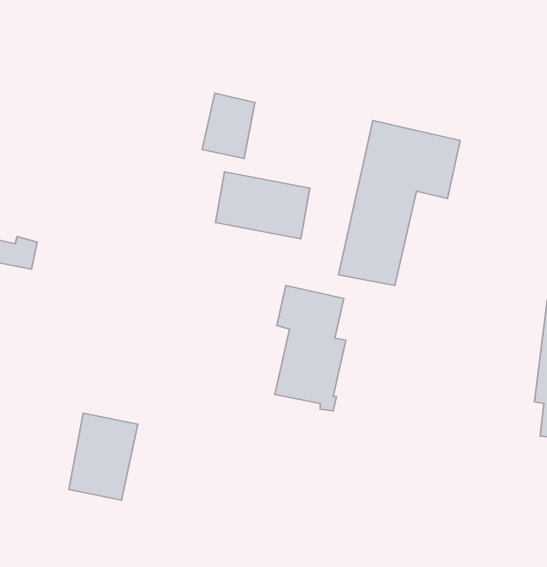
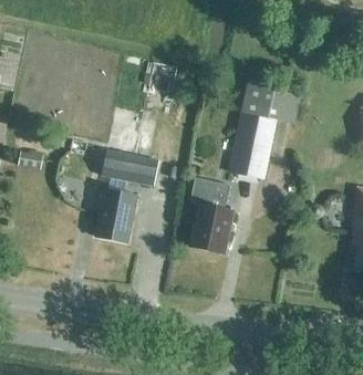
building: [216,172,310,239] -> [100,150,157,191]
building: [69,413,138,500] -> [100,190,142,243]

